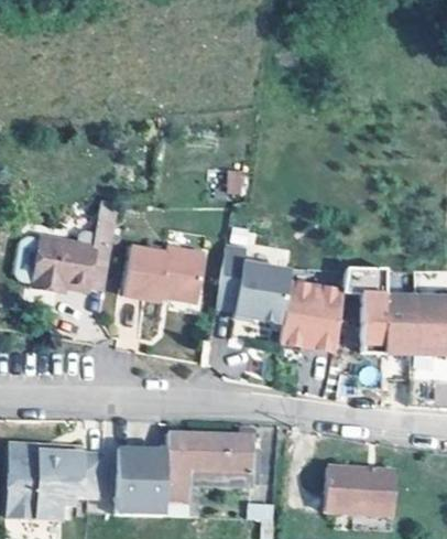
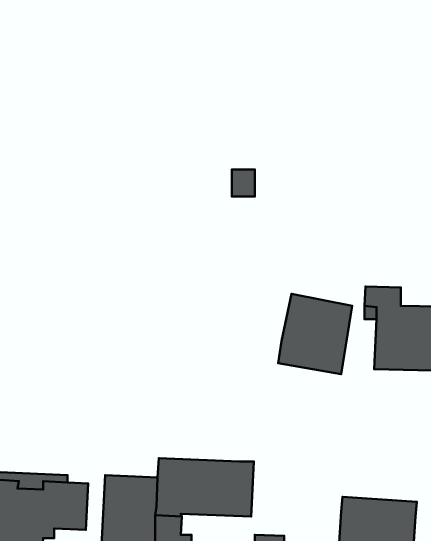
building: [31,202,117,289] -> none
building: [120,246,203,301] -> none
building: [215,248,286,324] -> none

